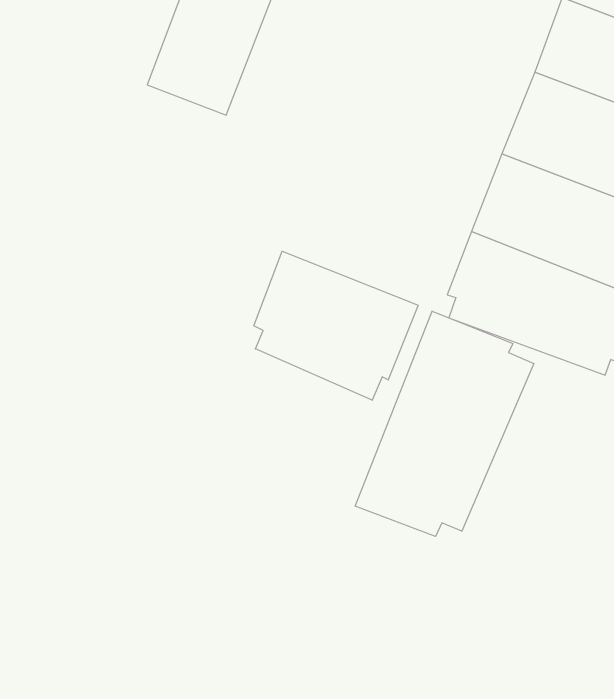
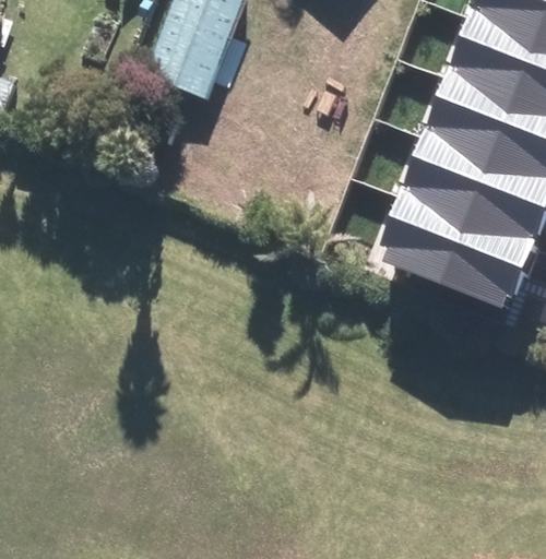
building: [254,251,418,400] -> none
building: [355,311,534,536] -> none

